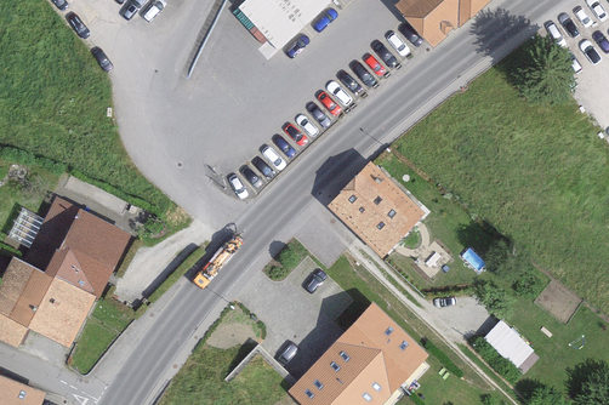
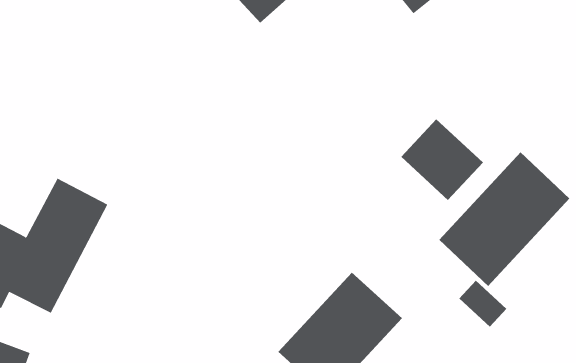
building: [331,165,419,251] -> [400,119,484,201]
building: none -> [439,151,570,287]

